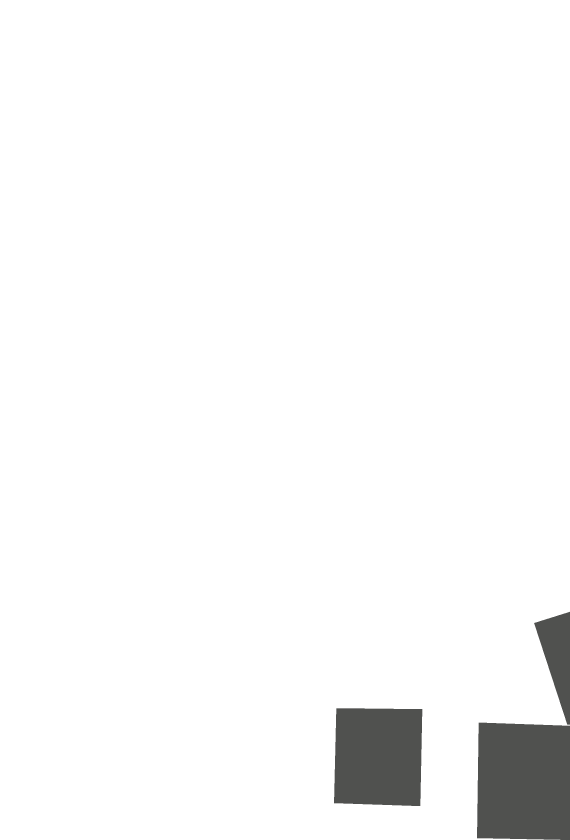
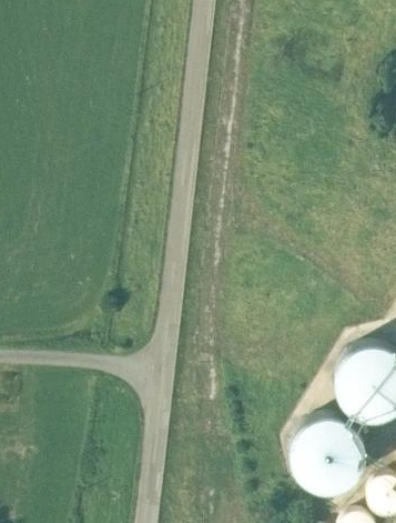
building: [334,707,423,807] -> none

